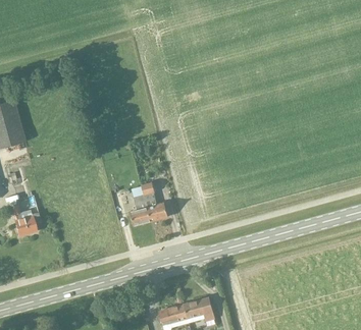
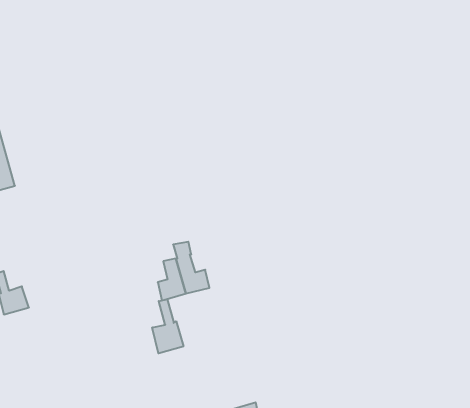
building: none -> [152,299,183,353]

